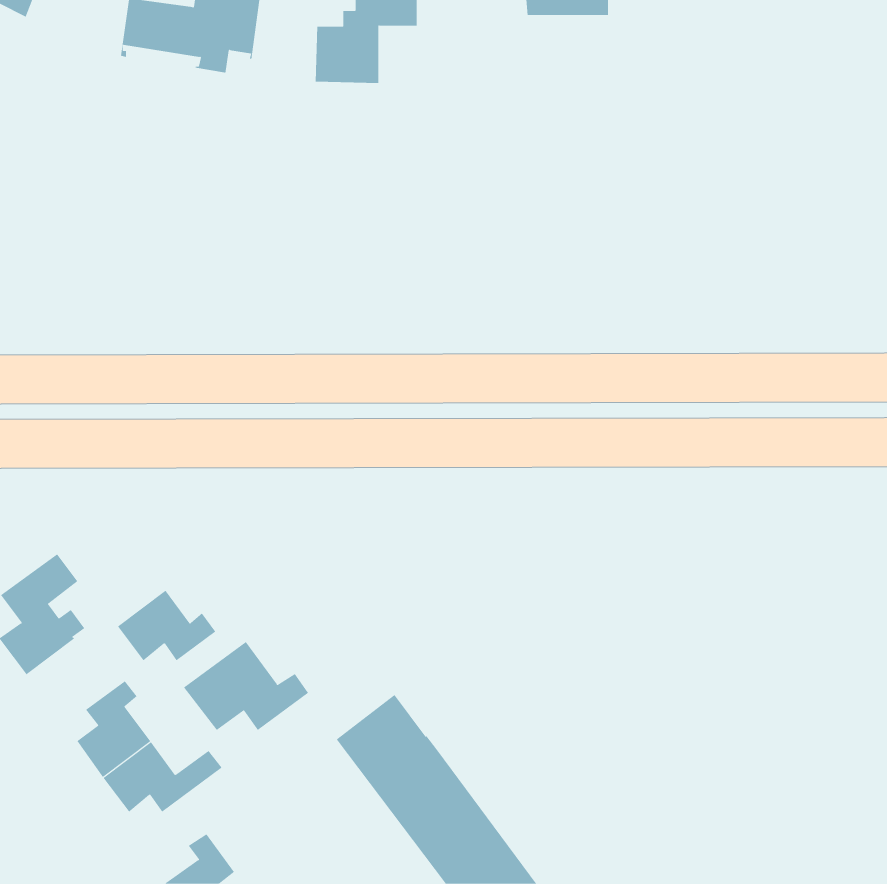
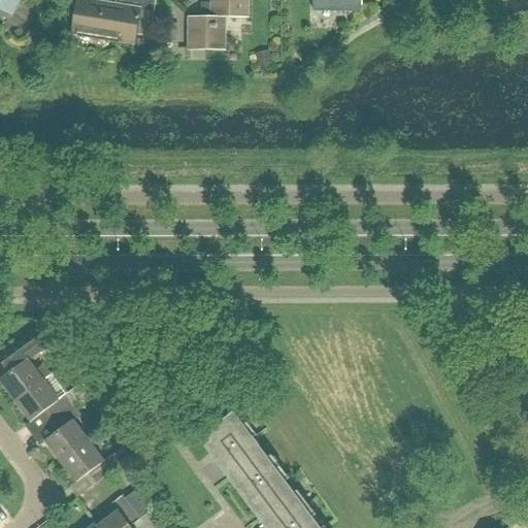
building: [117,590,216,661] -> [15,378,74,421]
building: [183,641,309,731] -> none

